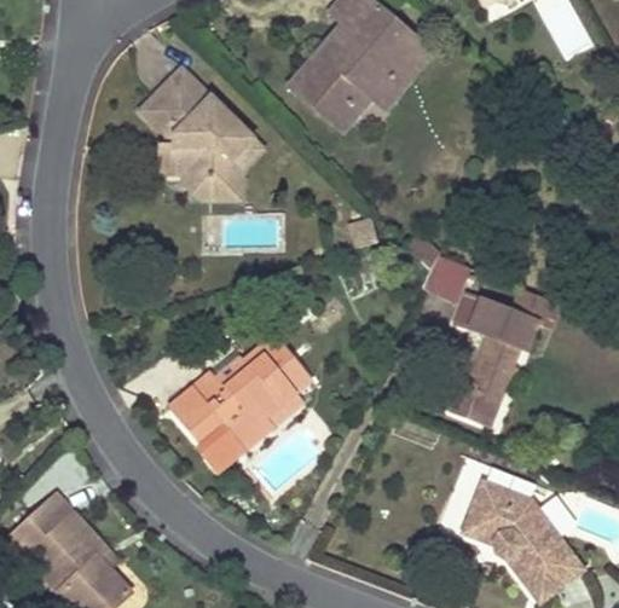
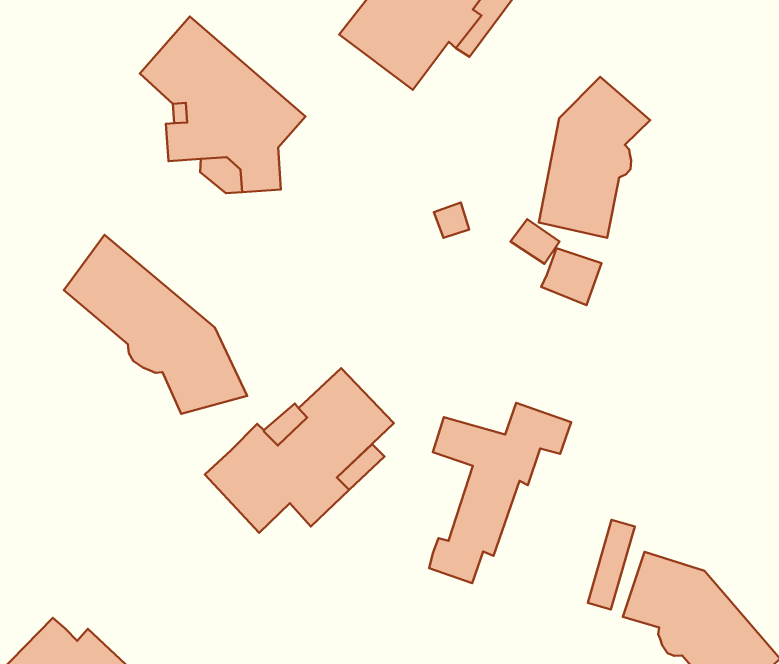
building: none -> [539,77,650,238]
building: none -> [64,235,247,414]
building: [449,288,561,419] -> [429,403,571,583]

